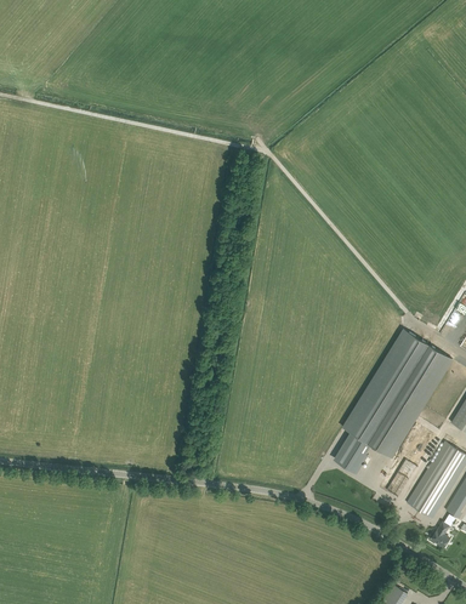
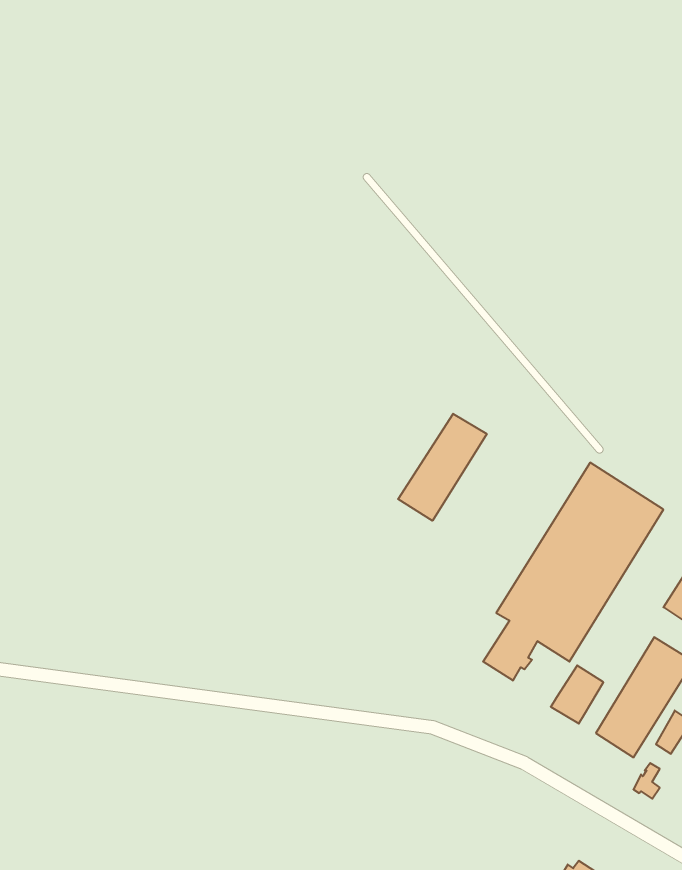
building: none -> [398,414,487,521]

